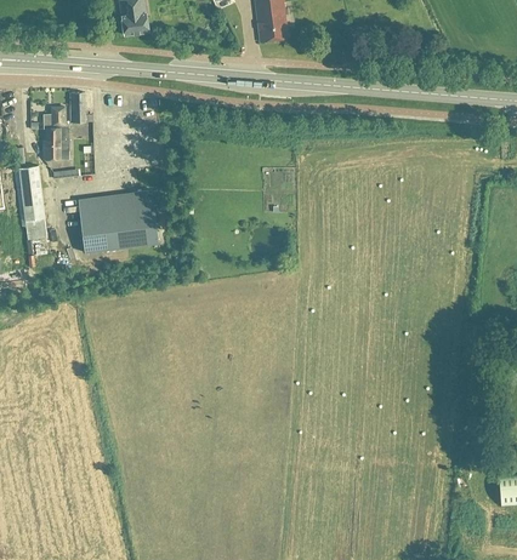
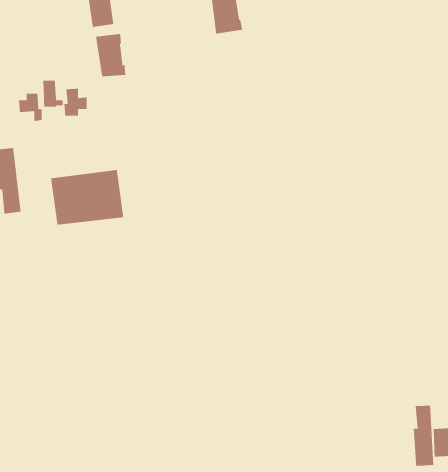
building: none -> [95,33,126,77]
building: [42,127,69,159] -> [63,88,88,116]
building: none -> [413,405,434,467]

